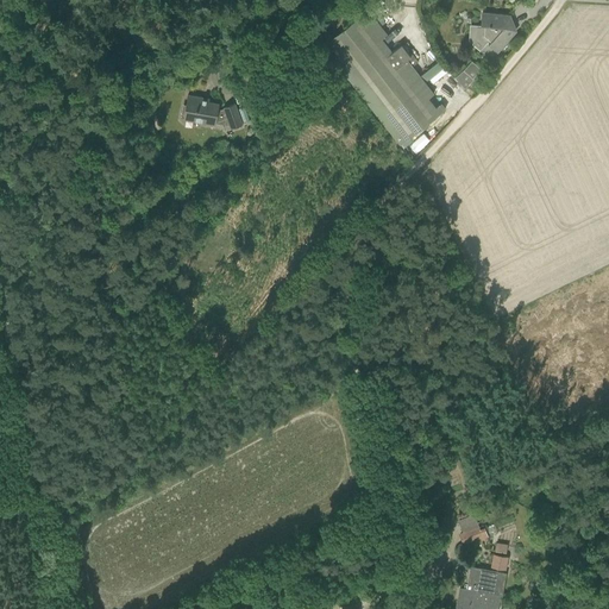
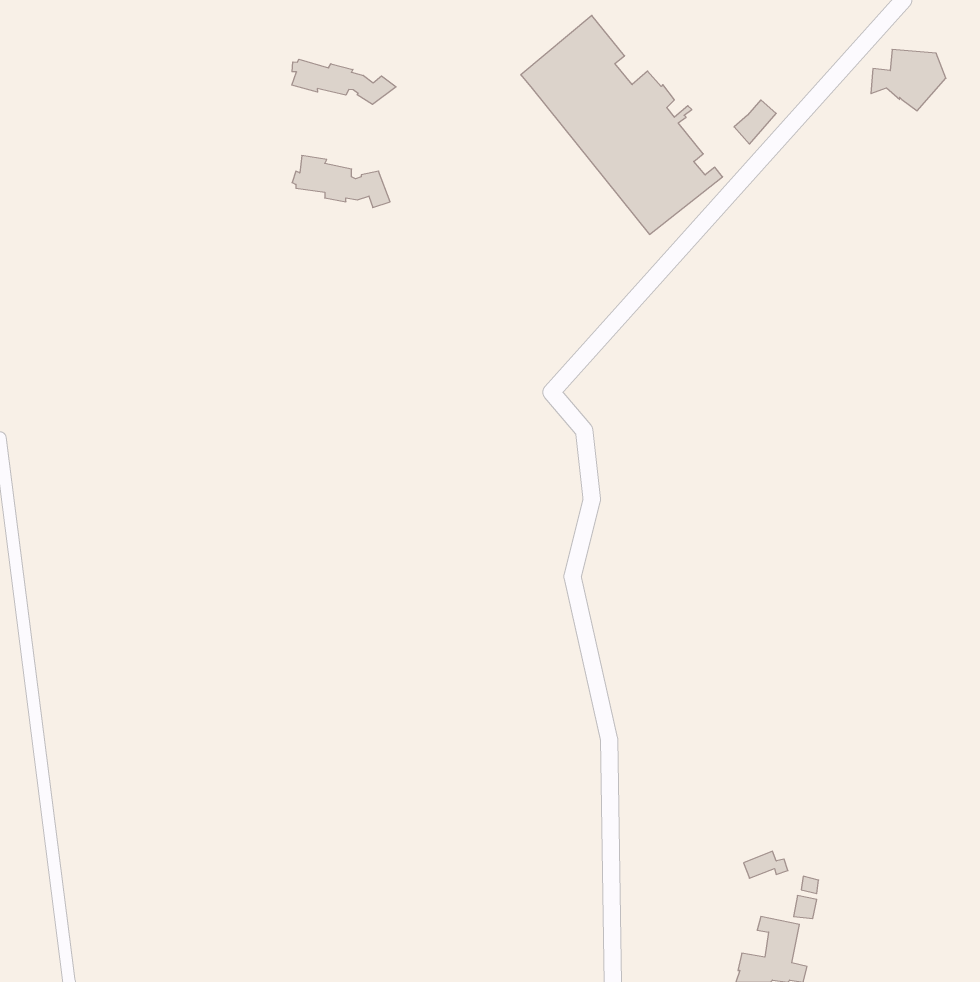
building: [470,13,516,51] -> [871,49,946,111]
building: none -> [292,59,396,104]

